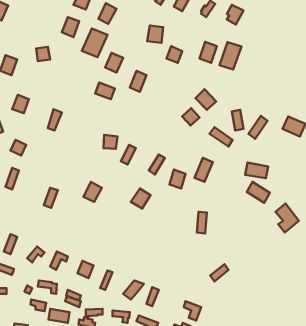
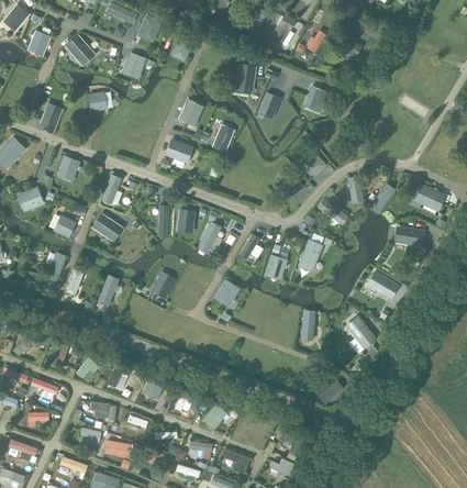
building: none -> [65,35,94,66]
building: [82,28,108,57] -> none
building: [220,42,241,69] -> none
building: none -> [91,213,122,242]
building: [245,162,268,178] -> [394,225,425,246]
building: [276,204,299,233] -> [345,315,376,354]

